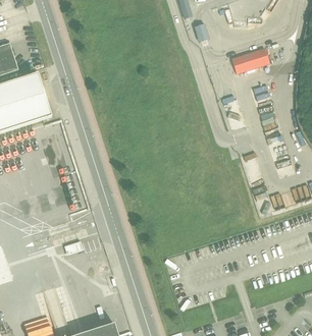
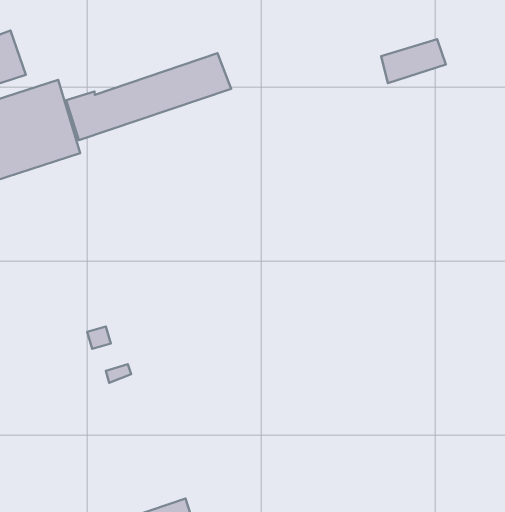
building: none -> [66,53,231,140]

